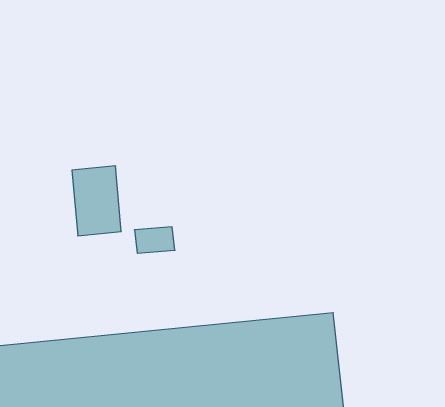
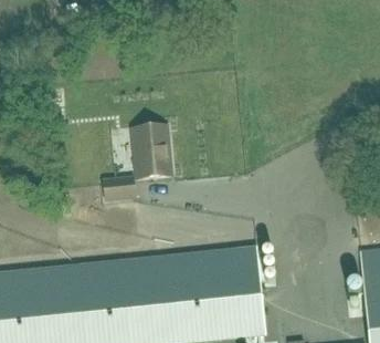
building: [72,166,121,236] -> [133,126,170,179]

